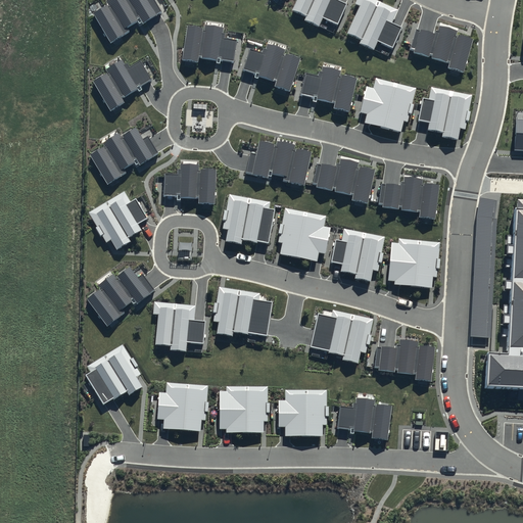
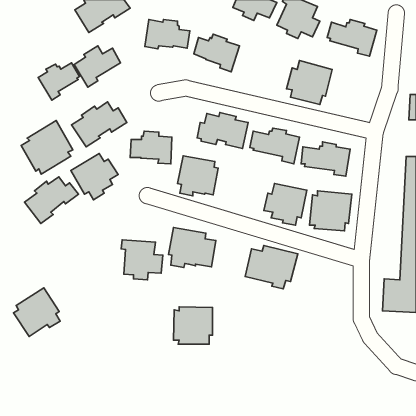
building: [300,66,356,110] -> none
building: none -> [38,63,80,100]
building: [419,86,473,138] -> none
building: none -> [21,121,73,174]
building: [278,208,331,262] -> none
building: [85,267,152,325] -> [25,177,78,223]
building: [372,338,432,380] -> none
building: [83,343,141,405] -> [14,288,60,337]
building: [156,381,206,430] -> none
building: [277,388,325,435] -> none
building: [333,396,390,439] -> none

